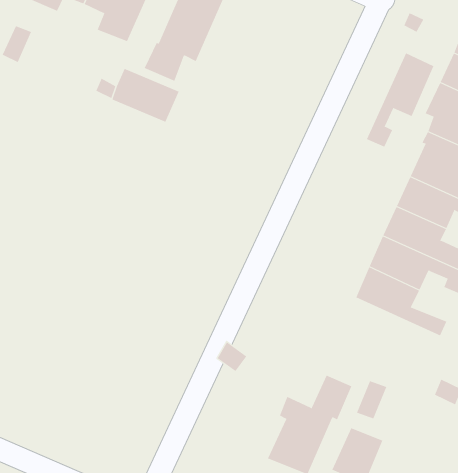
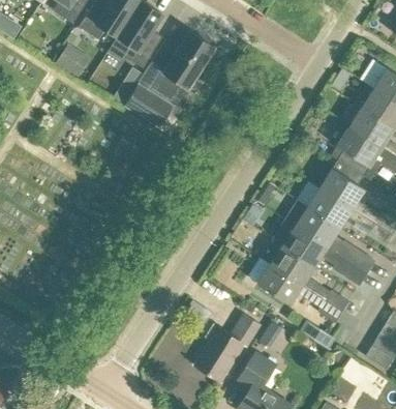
building: [366,52,434,147] -> none
building: none -> [257,264,325,306]

